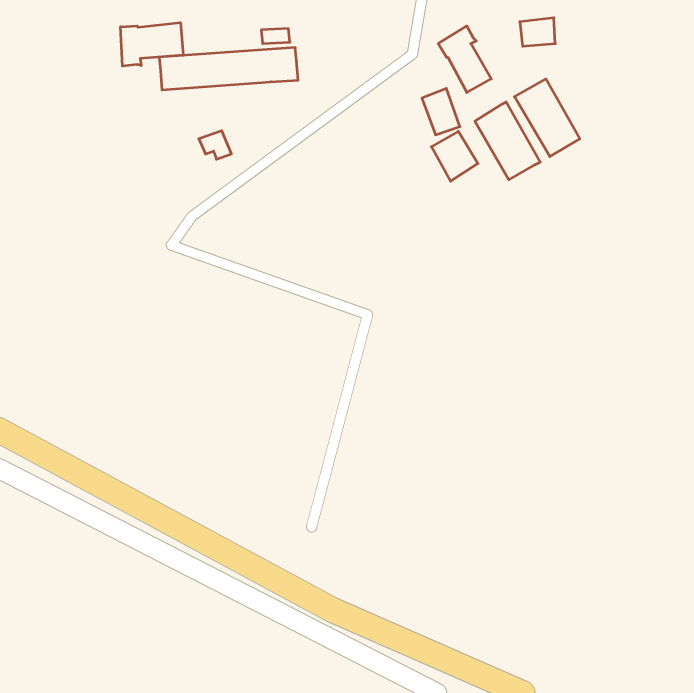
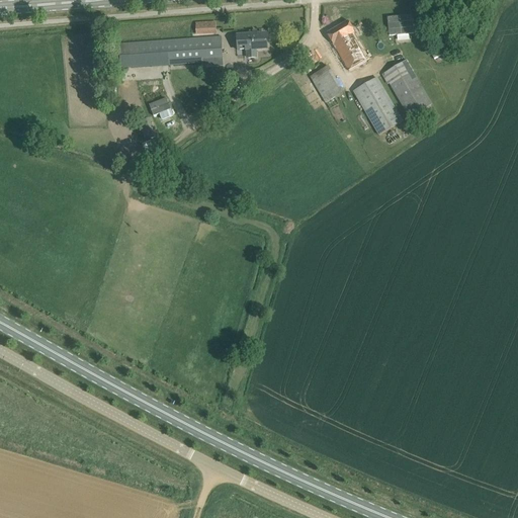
building: [121,23,183,66] -> none
building: none -> [237,32,266,57]
building: [431,131,478,181] -> none

